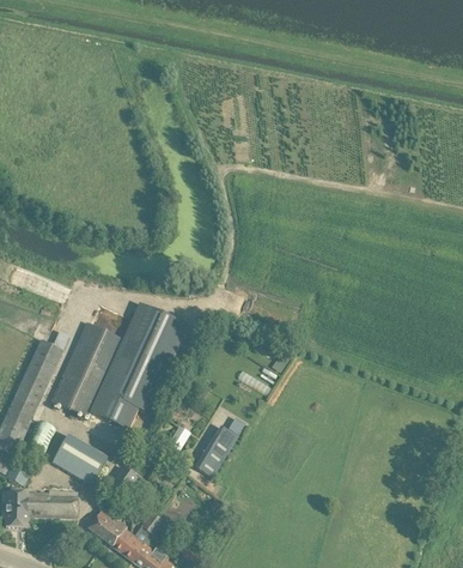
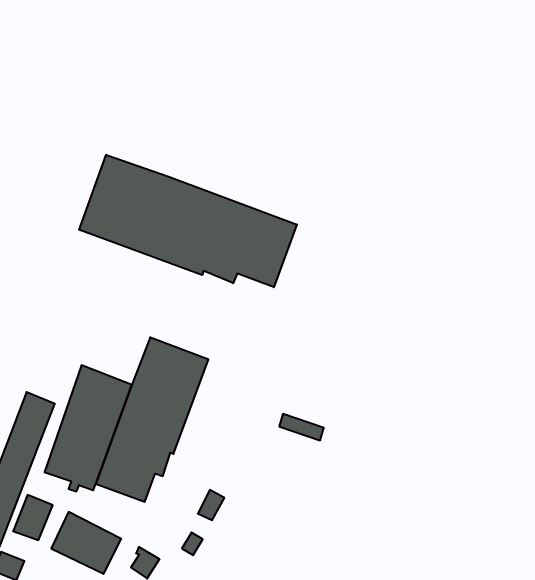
building: none -> [79,155,297,287]
building: [196,425,237,477] -> none

